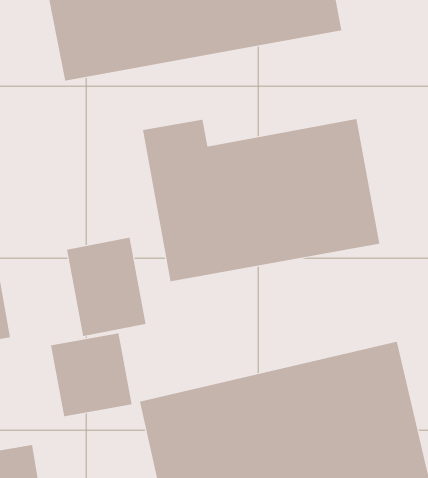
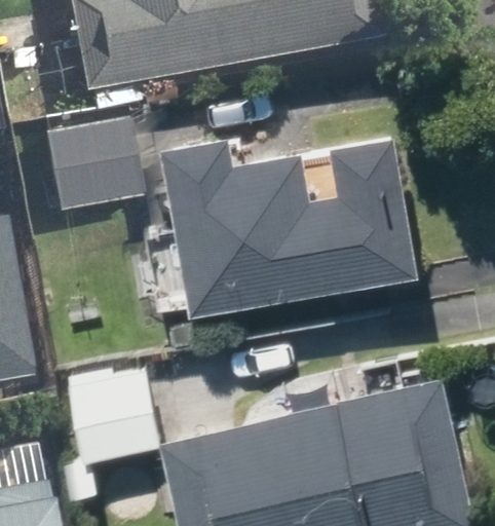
building: none -> [37,120,142,222]
building: [67,237,146,337] -> none

